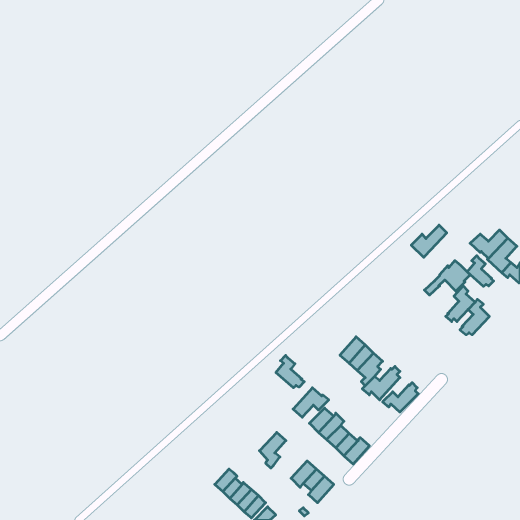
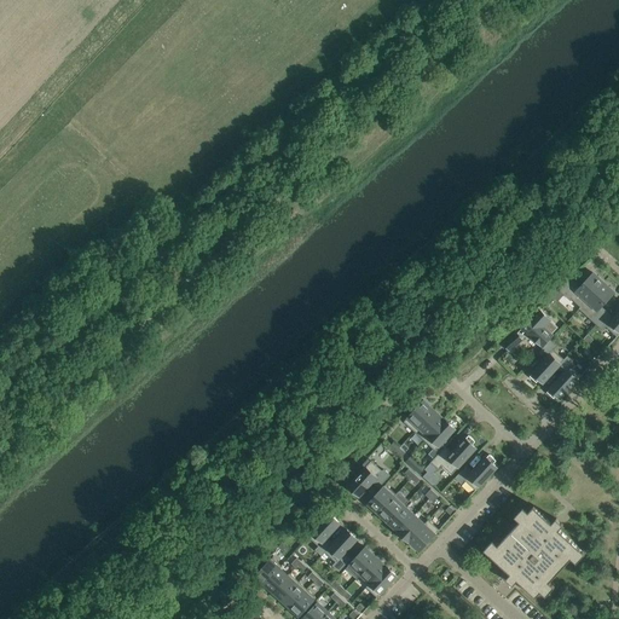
building: [411,225,447,257] -> none
building: [467,256,494,286] -> none
building: [276,355,304,388] -> none
building: none -> [490,507,580,597]
building: none -> [325,530,357,572]

